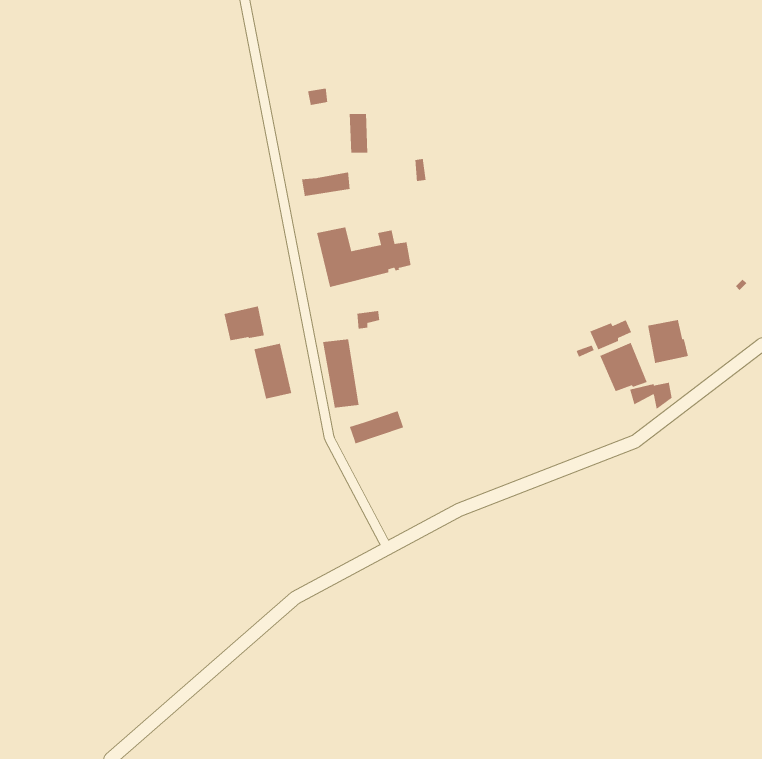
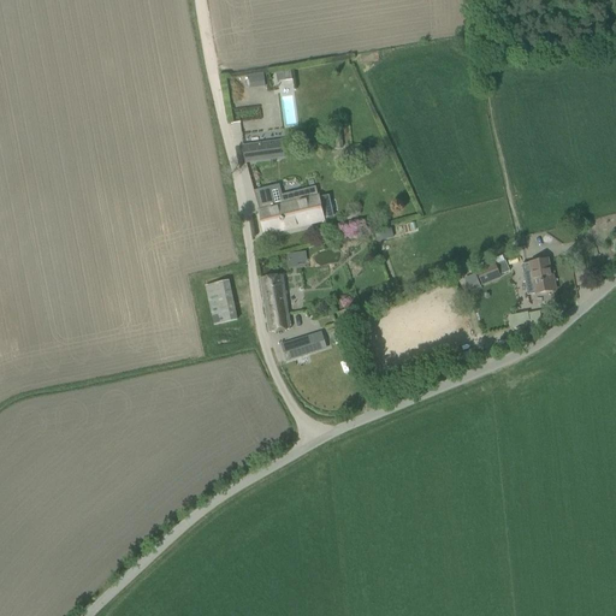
building: [223,305,265,341] -> none
building: [599,342,648,392] -> none

